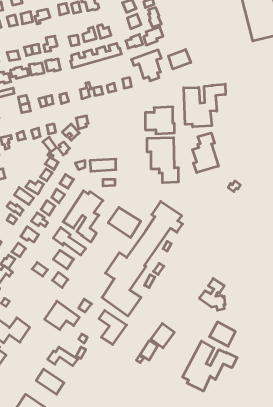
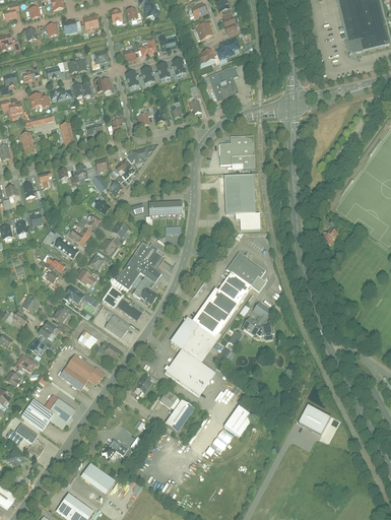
building: [168,49,191,69] -> none
building: [184,84,225,127] -> none
building: [192,133,218,173] -> none
building: [108,207,141,238] -> none
building: [199,278,225,310] -> [242,302,274,341]
building: [45,301,79,330] -> [58,350,102,386]
building: [183,341,237,391] -> none

